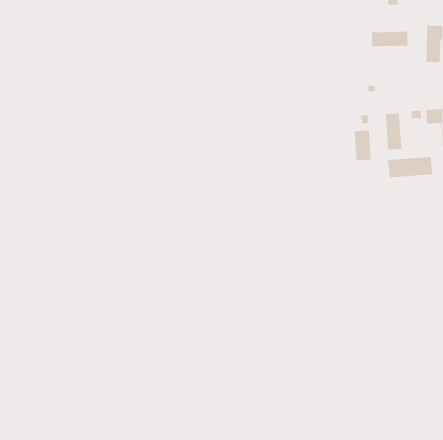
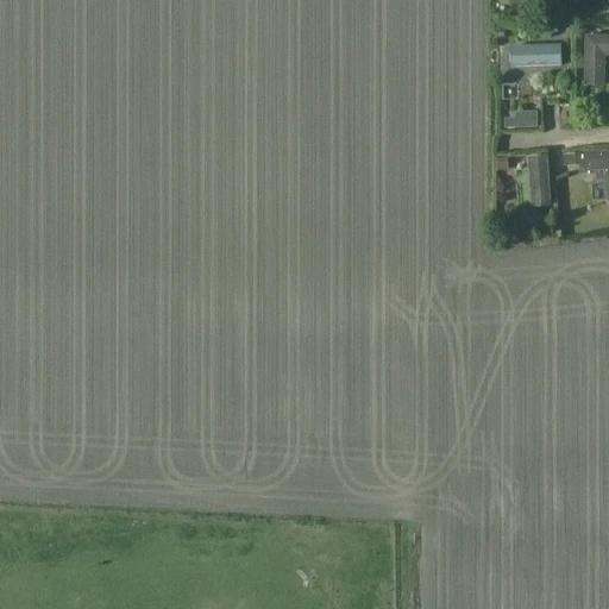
building: [354,129,371,161] -> none
building: [388,156,433,178] -> none

